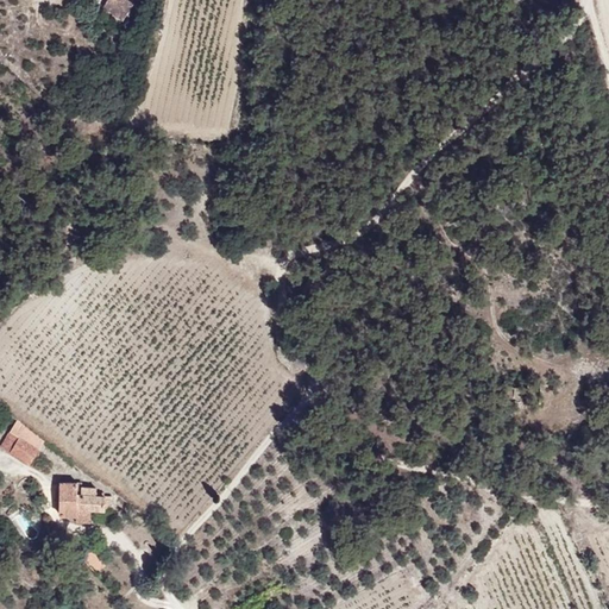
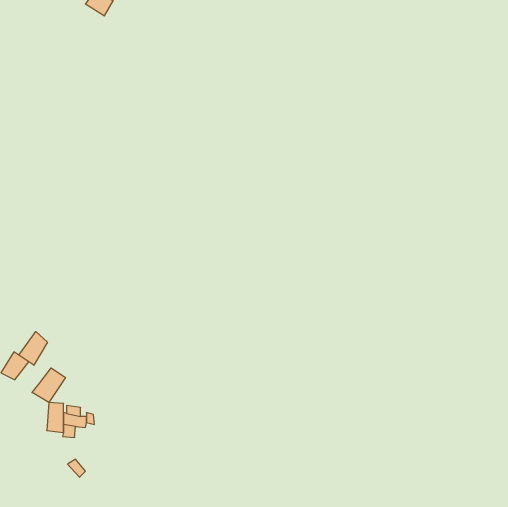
building: none -> [19,332,47,365]
building: none -> [32,368,65,403]

